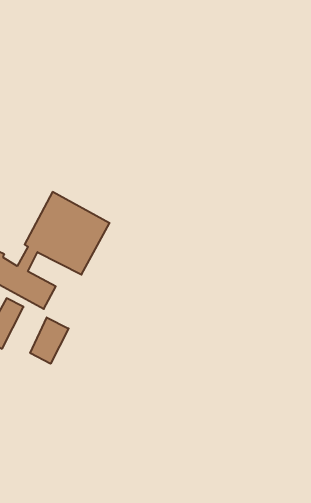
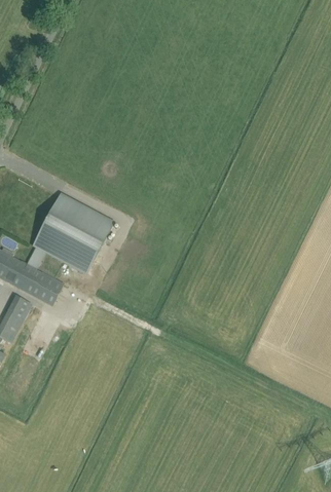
building: [30,317,69,364] -> none

